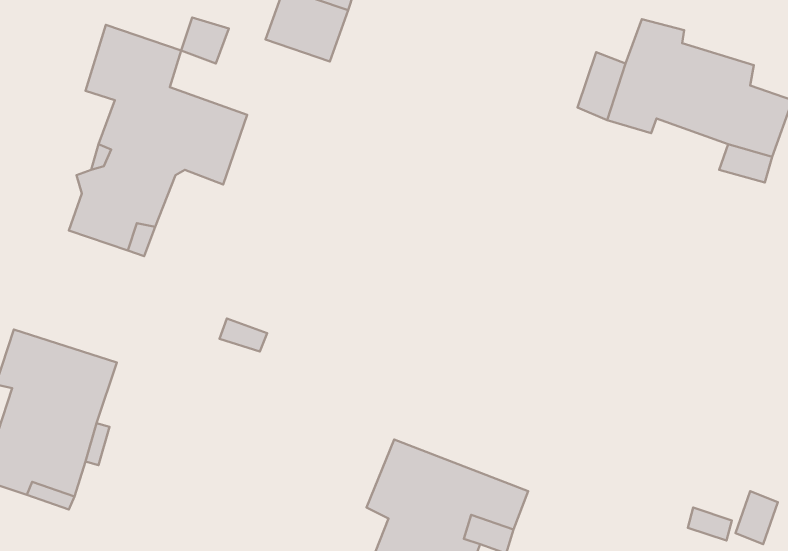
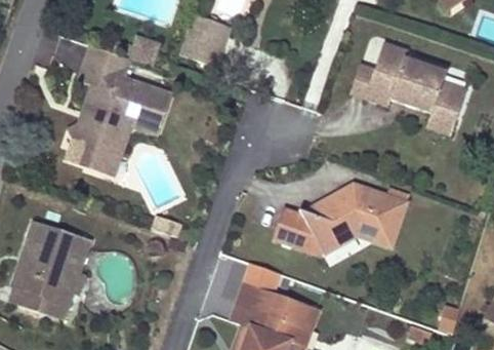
building: none -> [274,179,408,246]

